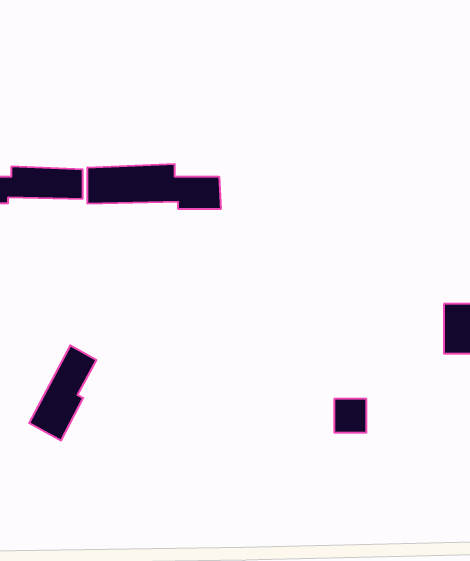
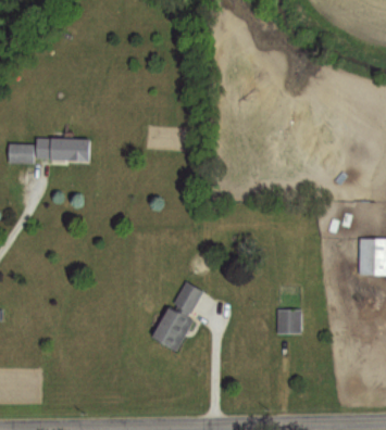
building: [88,164,221,209] -> none
building: [29,345,96,440] -> [153,281,203,352]

